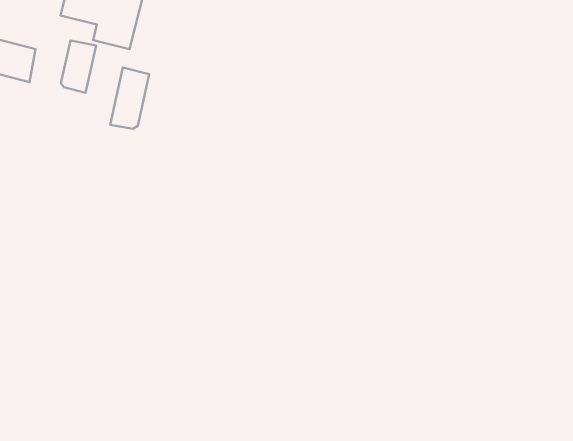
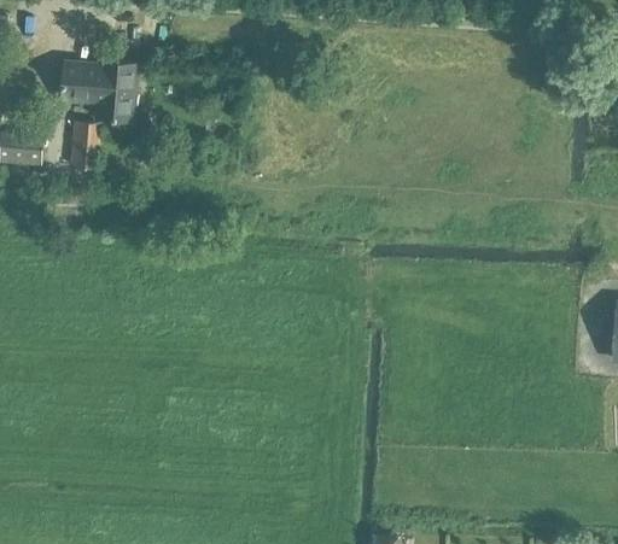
building: [110,67,149,129] -> none

